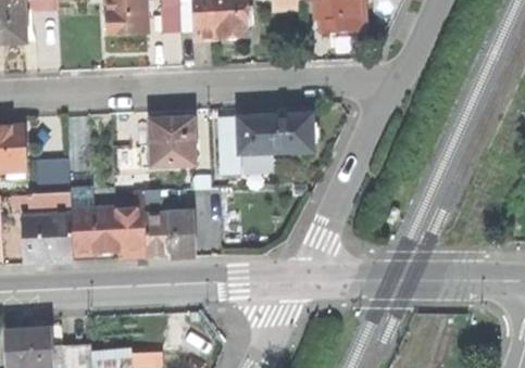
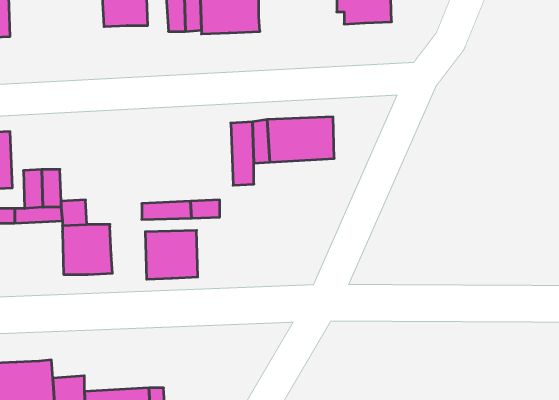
building: [150,117,195,164] -> none
building: [113,208,145,257] -> none
building: [23,214,72,262] -> none

